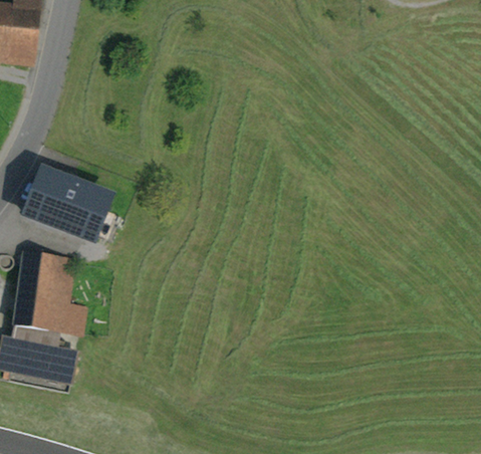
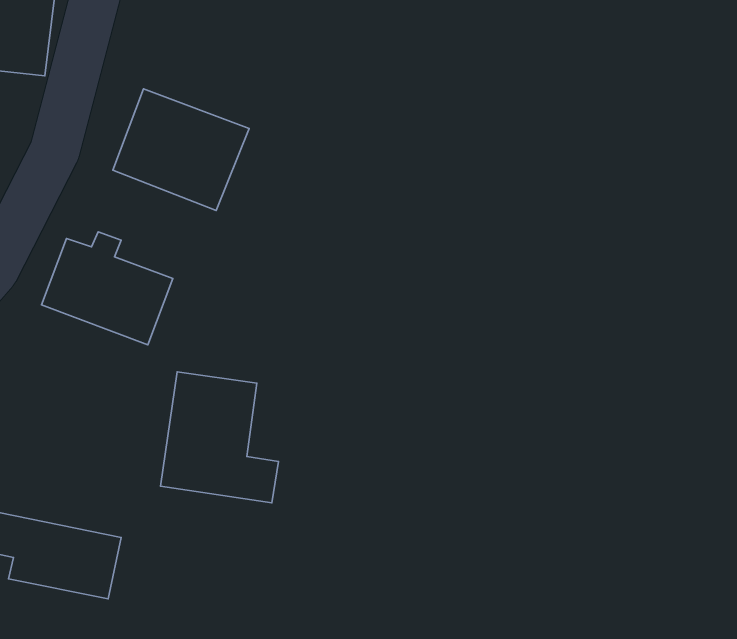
building: none -> [113,89,249,210]
building: [13,248,84,327] -> [161,372,279,503]

